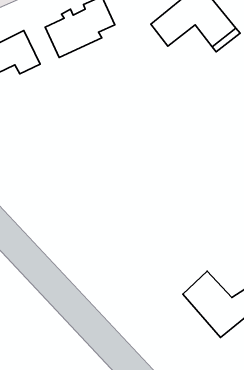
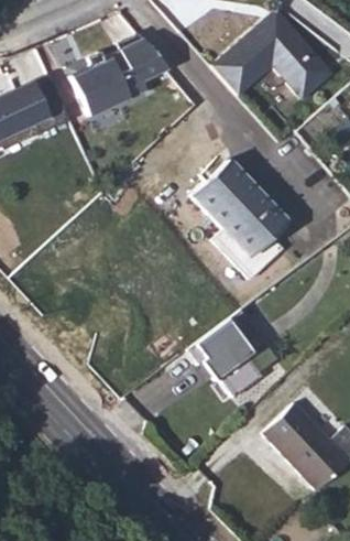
building: none -> [189,149,285,274]
building: none -> [186,321,253,385]

